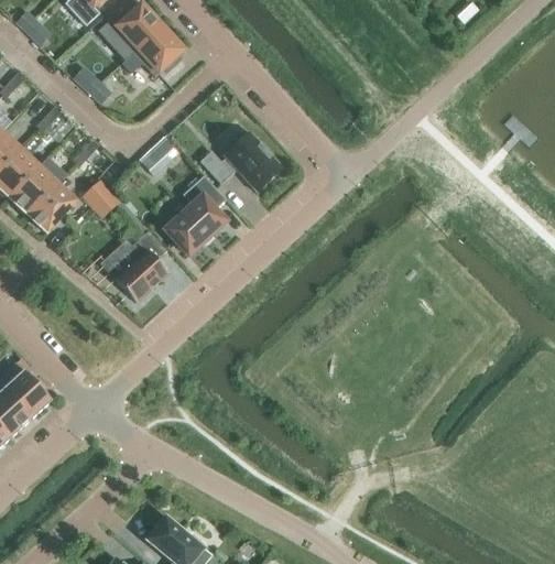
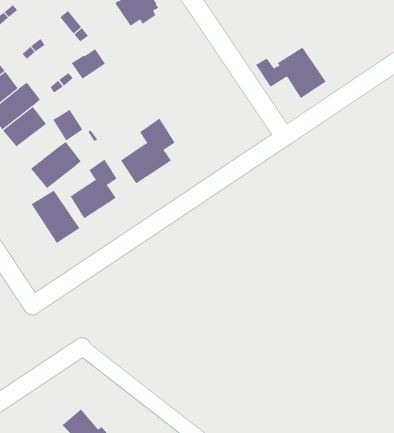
building: [198,132,282,192] -> [255,47,327,99]
building: [138,138,177,175] -> [71,48,106,79]
building: none -> [30,141,82,189]
building: none -> [31,190,80,244]

